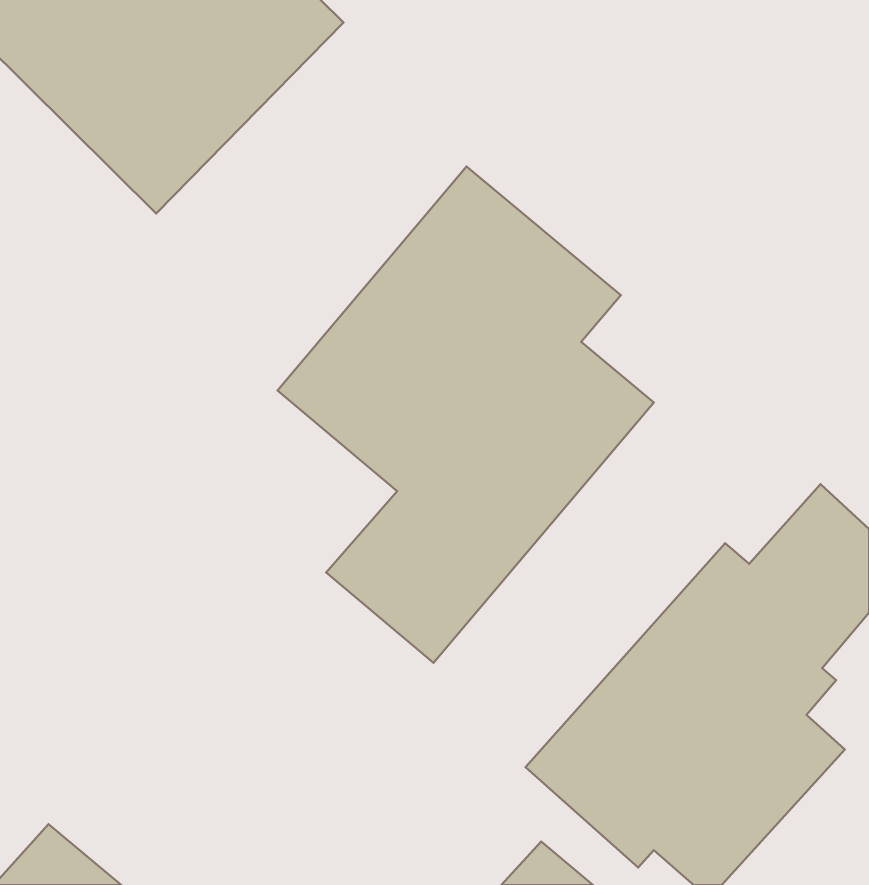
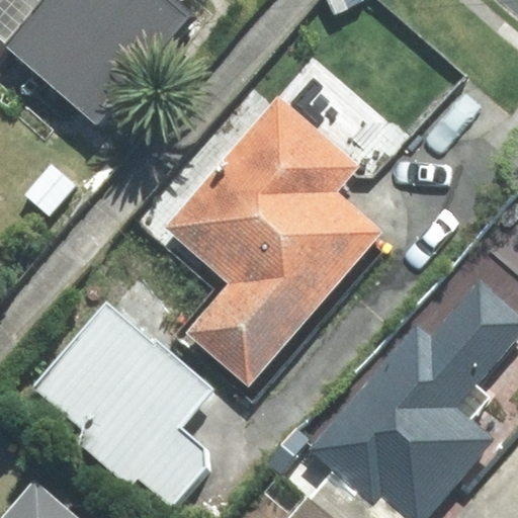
building: none -> [31,303,213,503]

